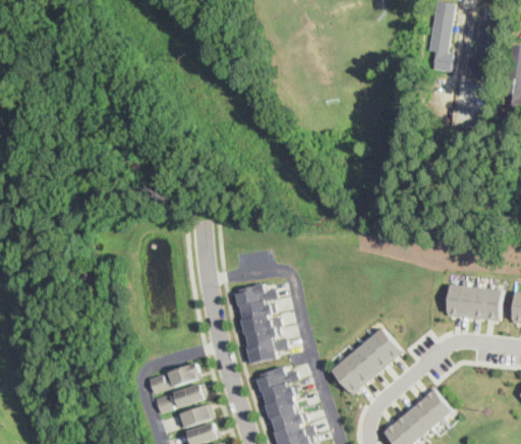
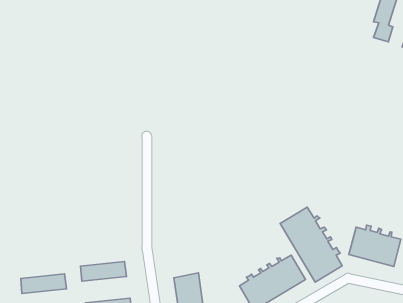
building: none -> [280,207,342,282]
building: [237,283,278,364] -> none
building: [155,384,208,413] -> [21,274,67,293]

